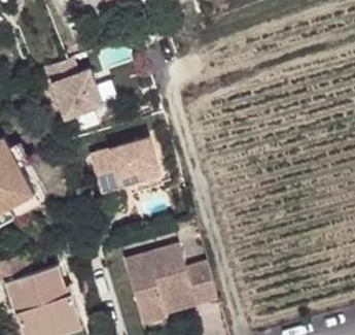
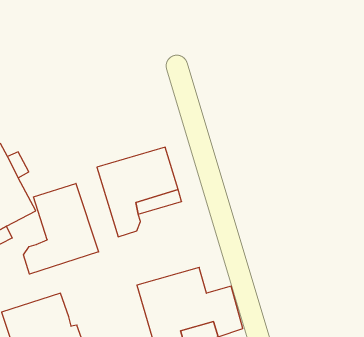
building: [47,58,104,116] -> none
building: none -> [23,183,99,274]

